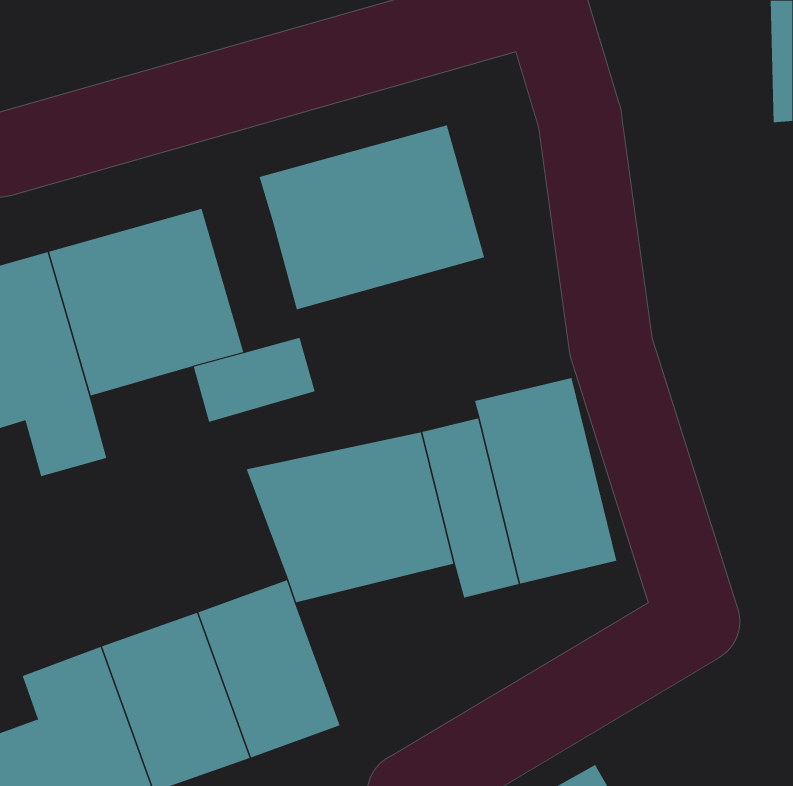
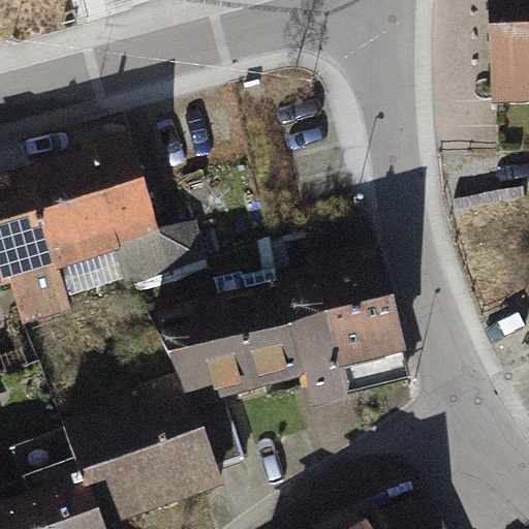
building: [259,124,485,310] -> none

